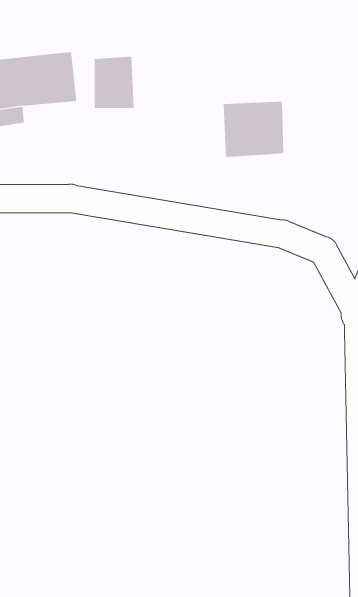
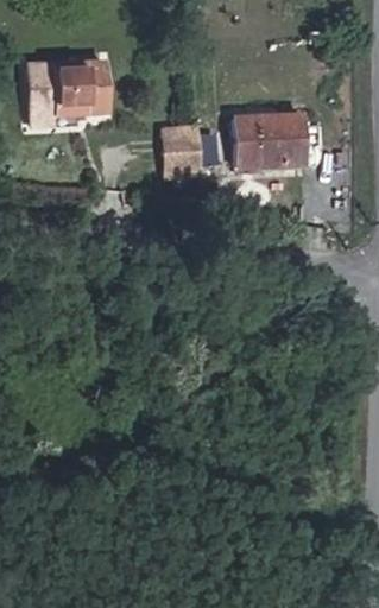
building: [94,56,135,109] -> [165,127,203,176]

